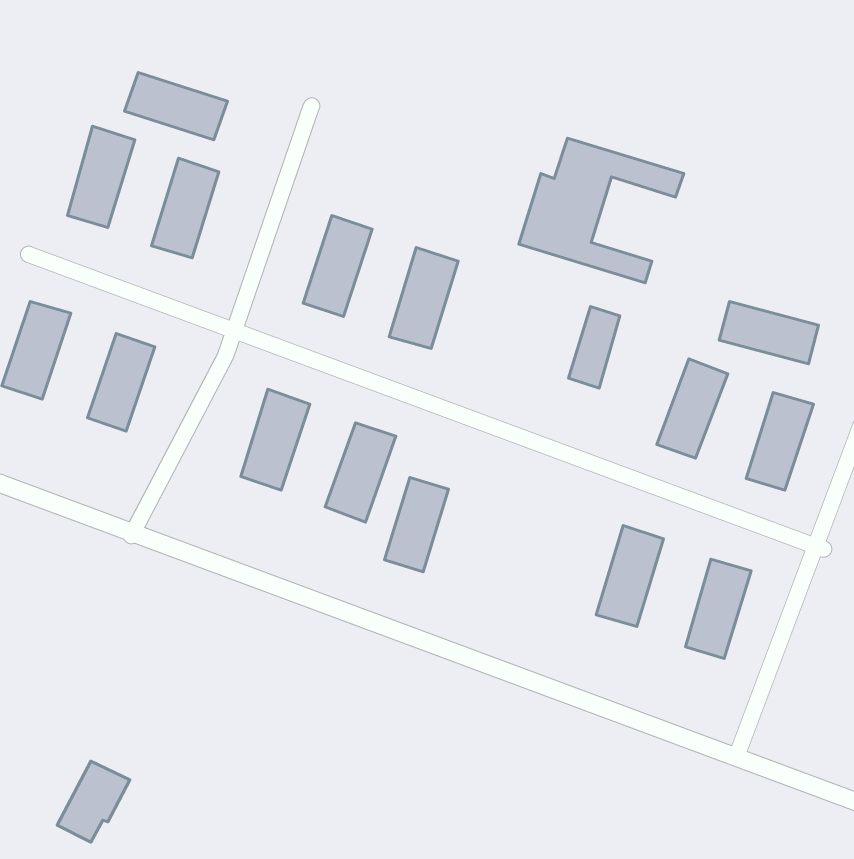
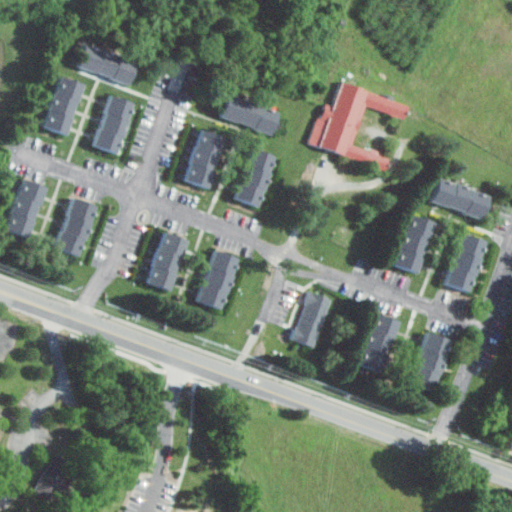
building: none -> [221,95,280,134]
building: [569,307,620,388] -> none
building: [385,477,449,572] -> [295,292,333,348]

